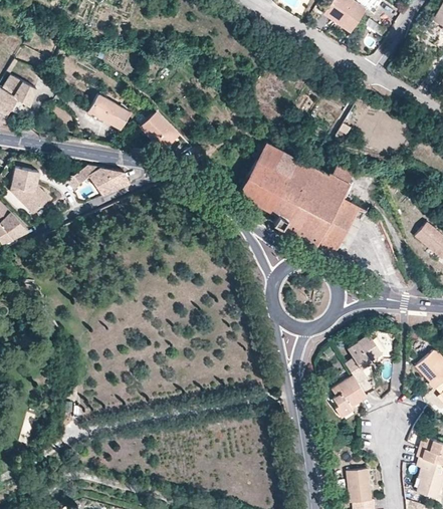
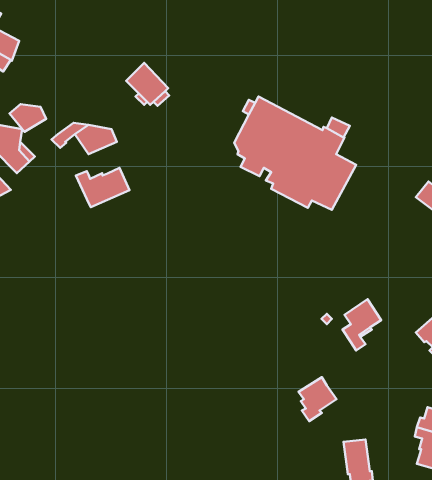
building: [88,92,130,128] -> none
building: none -> [10,104,46,132]
building: none -> [76,168,129,207]
building: [331,375,368,418] -> [299,377,336,421]

